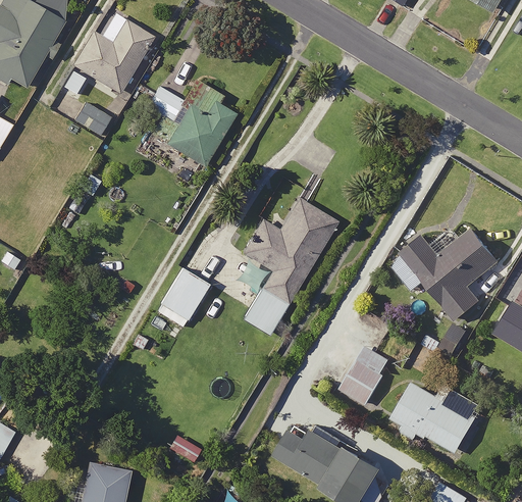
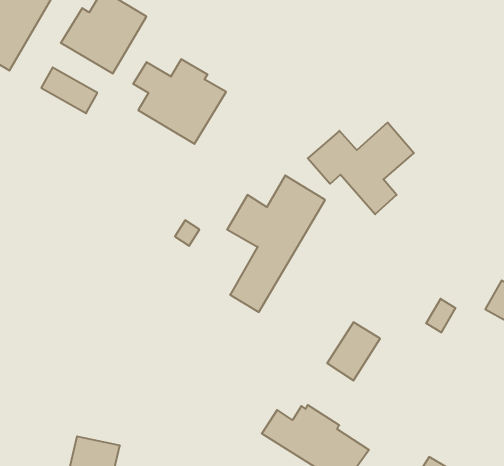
building: [390,229,497,320] -> [308,123,414,214]
building: [157,266,210,327] -> none
building: [393,383,483,452] -> none

